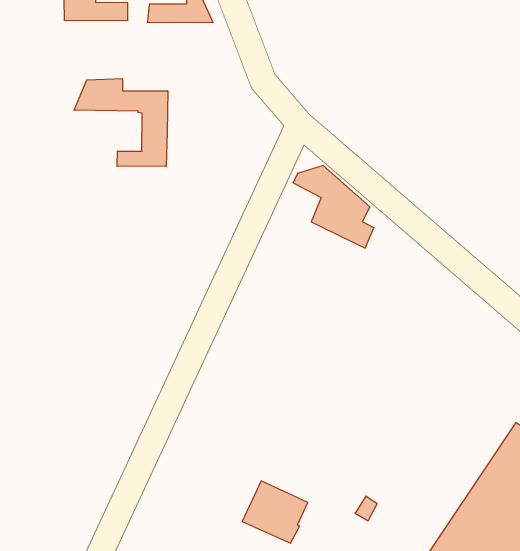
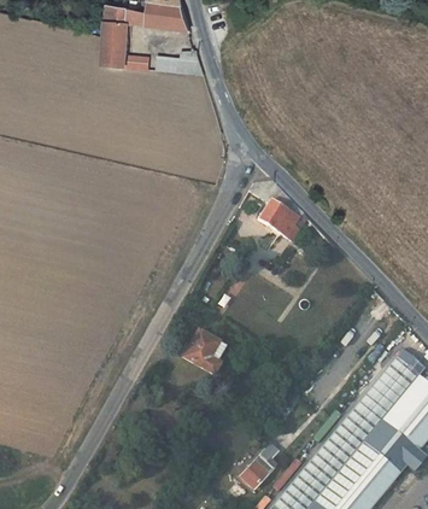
building: [74,79,168,167] -> none
building: [242,481,308,543] -> [178,333,224,378]

